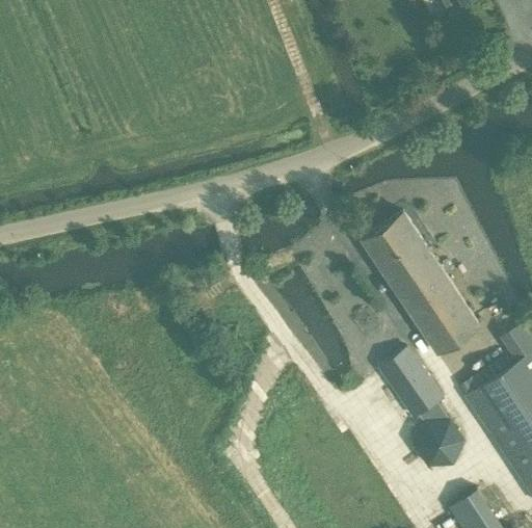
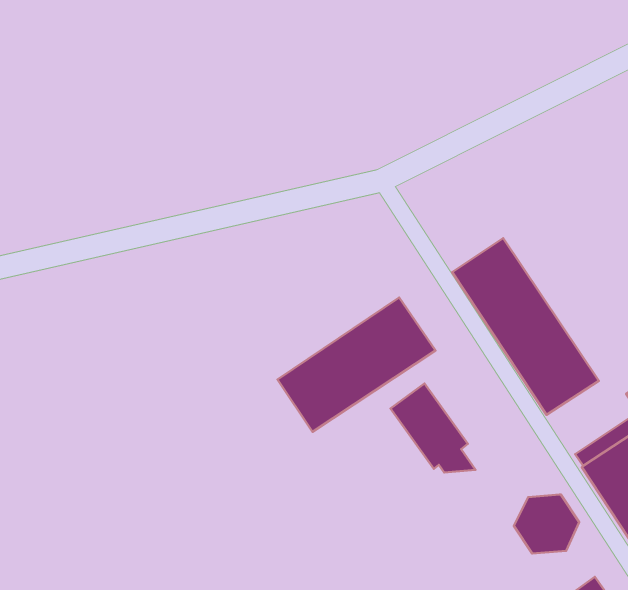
building: none -> [277,297,435,432]
building: [383,351,451,422] -> [391,384,476,473]

